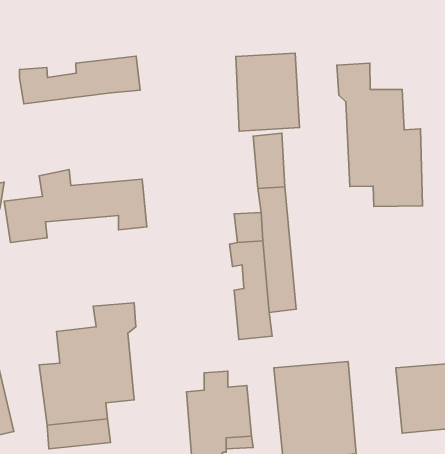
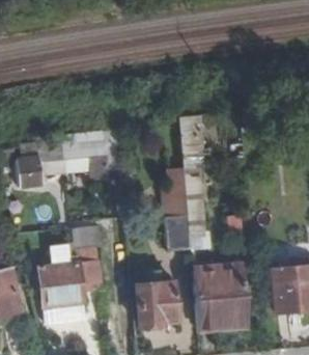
building: [236,53,300,131] -> none
building: [20,56,140,104] -> none
building: [337,63,422,206] -> none

